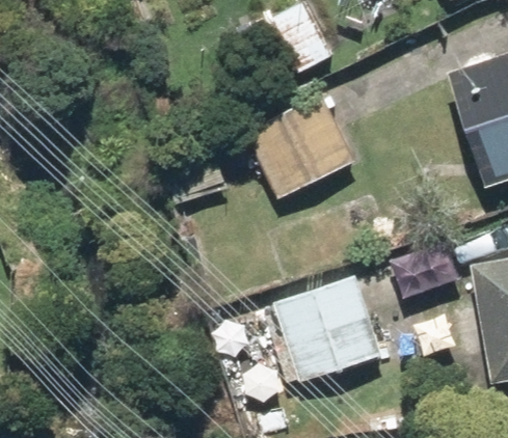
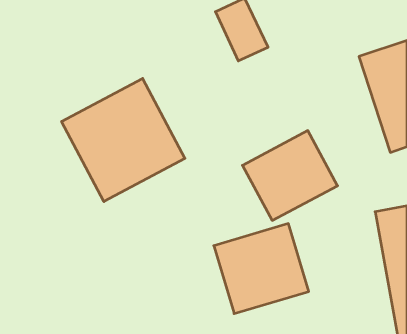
building: [245,89,362,199] -> [242,131,338,220]
building: none -> [62,78,185,202]

